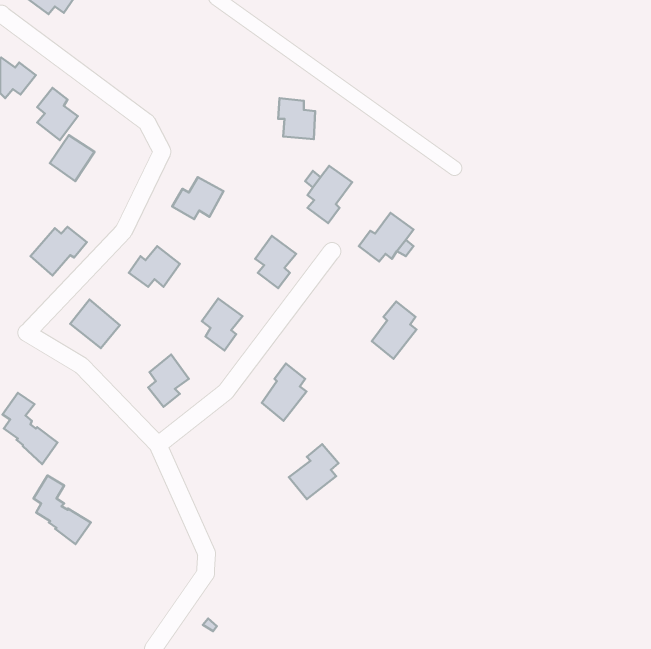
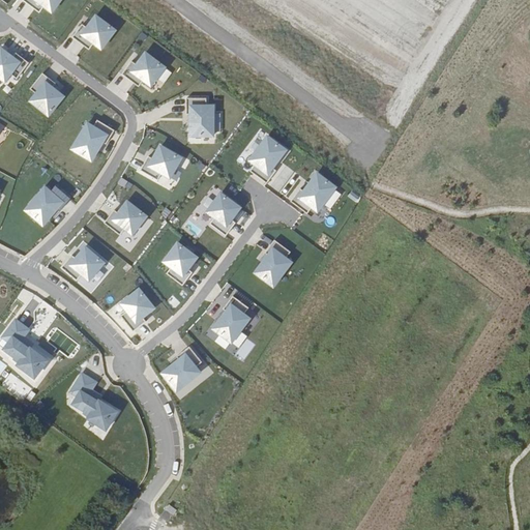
building: none -> [73,14,116,48]
building: none -> [123,52,166,85]
building: [278,98,315,139] -> [187,99,217,132]
building: [50,135,94,181] -> [75,121,111,158]
building: [372,301,417,359] -> [256,238,292,285]
building: [289,444,339,499] -> [163,345,203,389]
building: [33,475,91,544] -> [72,372,119,428]

